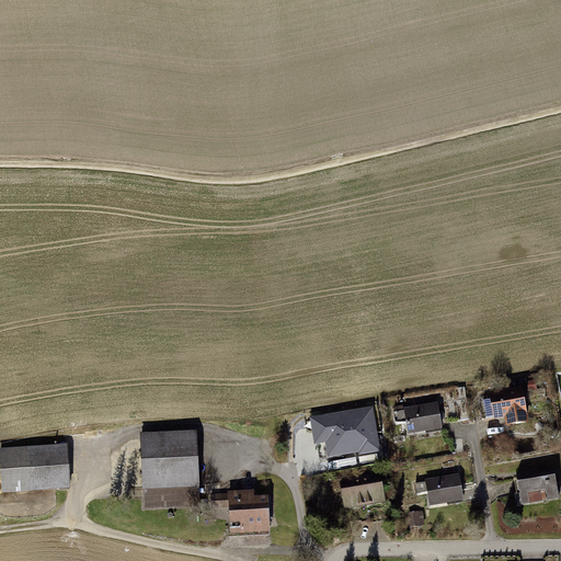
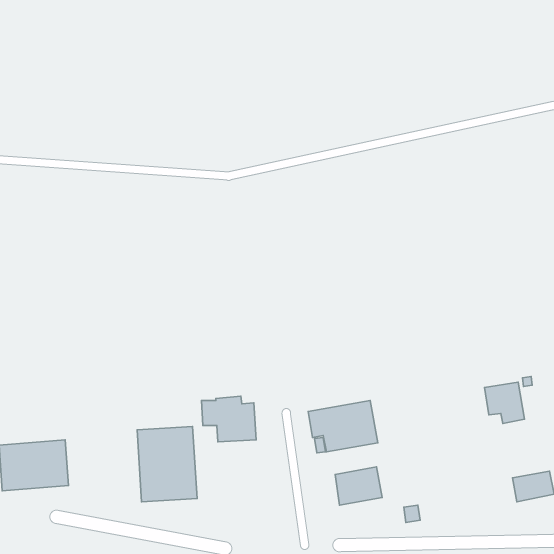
building: [402,401,440,433] -> none
building: [424,471,462,504] -> none
building: [213,488,267,534] -> [202,396,256,442]

